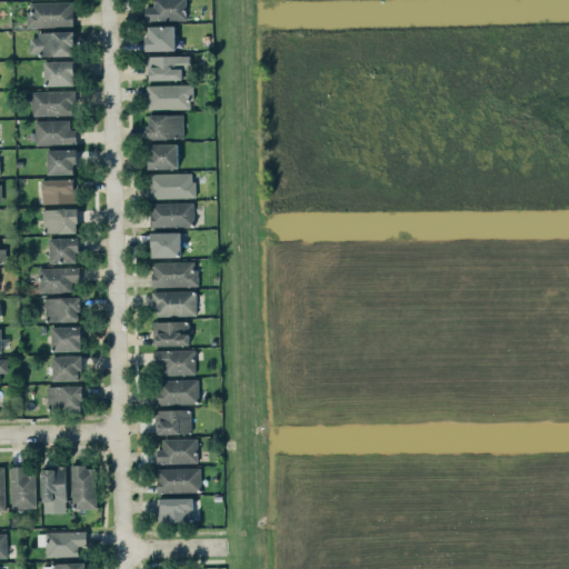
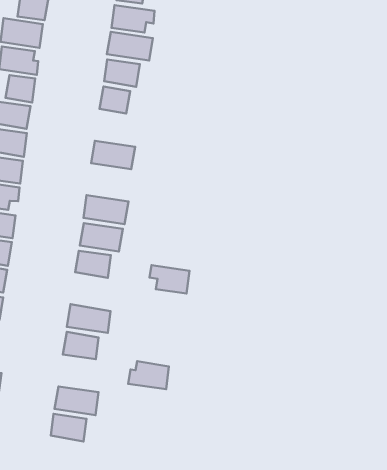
building: [149,173,194,199] -> none
building: [151,232,180,258] -> none
building: [153,350,196,376] -> [149,265,190,293]
building: [157,439,198,465] -> [128,361,169,389]

